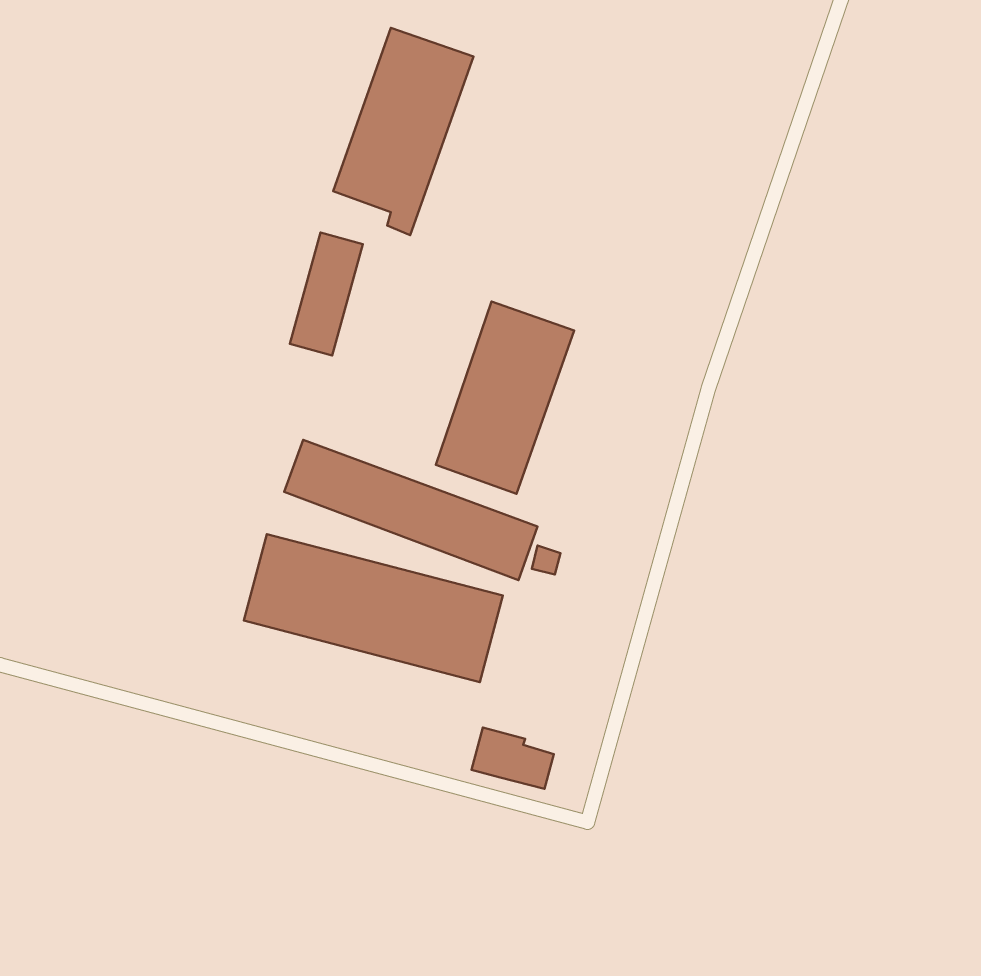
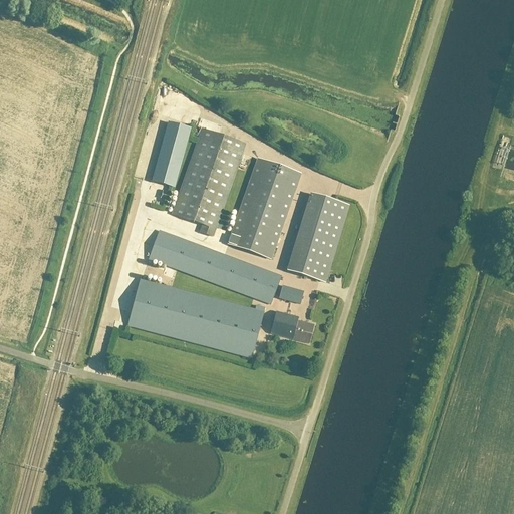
building: [333,28,473,235] -> [172,127,245,236]
building: none -> [295,193,348,281]
building: [471,727,554,789] -> [270,309,313,341]

